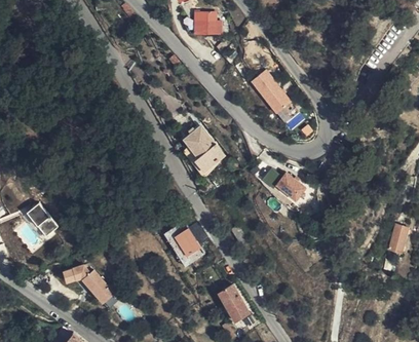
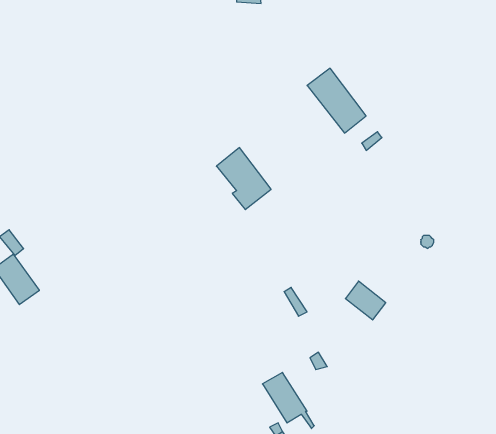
building: [277,174,306,201] -> [345,281,386,320]
building: [173,229,200,259] -> none
building: [65,265,115,303] -> none

